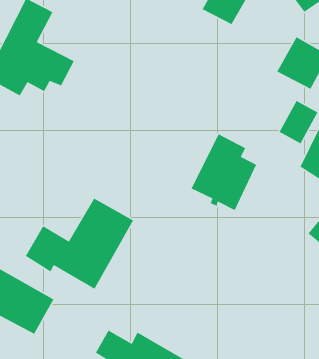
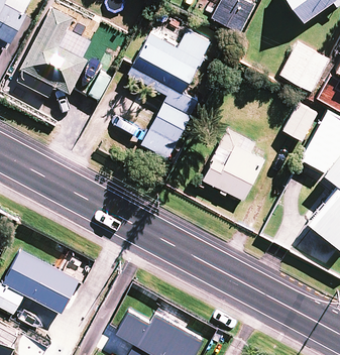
building: none -> [128,31,210,161]
building: [25,198,134,290] -> none

